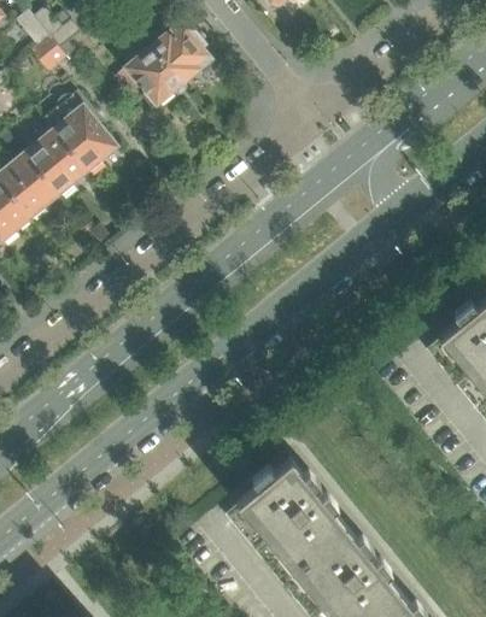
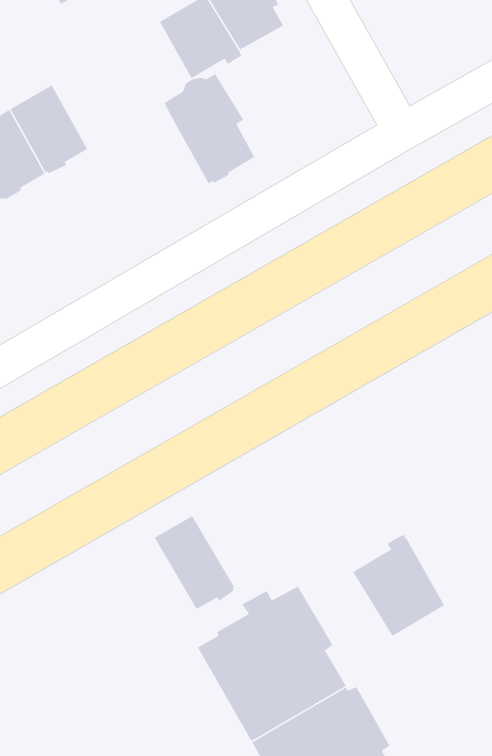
building: [45,89,117,170] -> [163,73,255,185]
building: none -> [352,534,445,637]
building: none -> [152,515,235,610]

